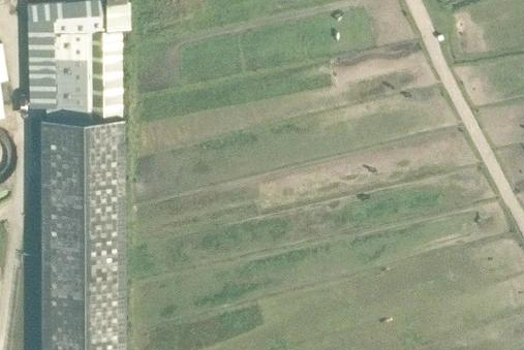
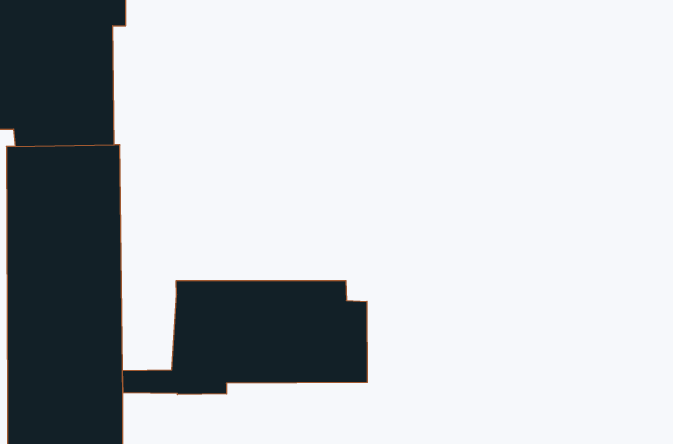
building: none -> [123,281,367,395]

